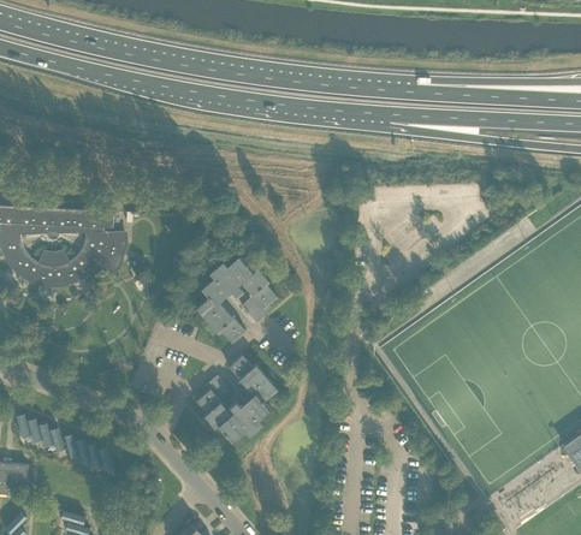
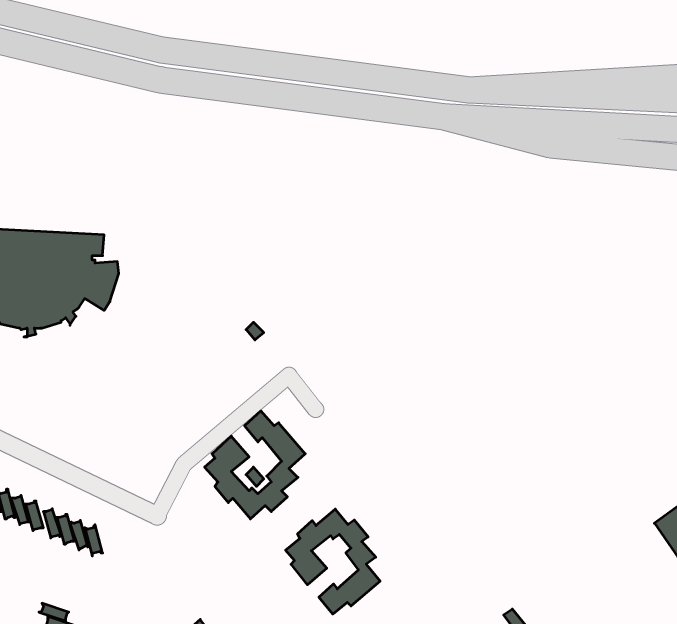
building: [195,256,277,345] -> none
building: none -> [286,509,380,614]

